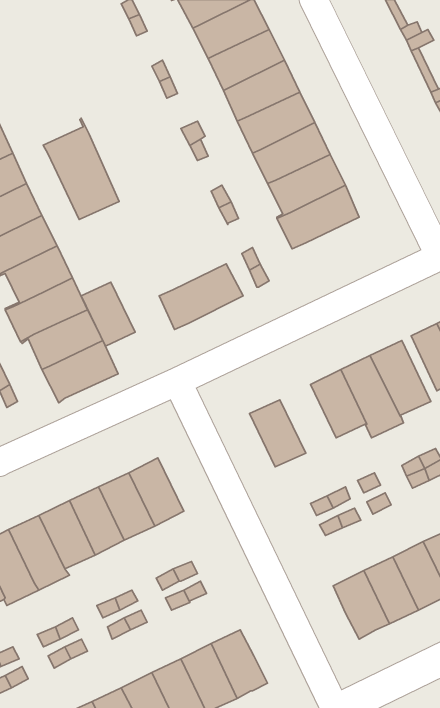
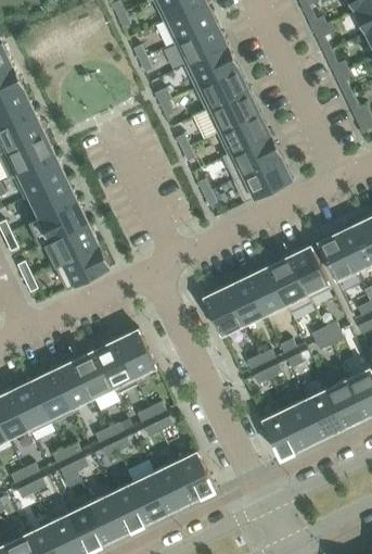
building: [43,118,119,219] -> none
building: [159,264,243,330] -> [233,158,293,204]
building: [81,282,135,346] -> none
building: none -> [225,277,265,326]

